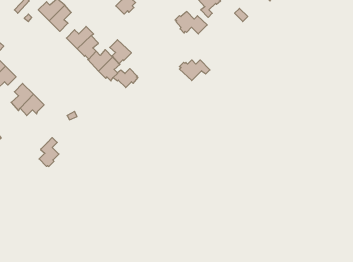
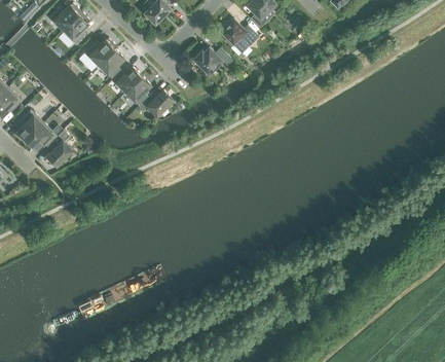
building: [110,40,131,64] -> none
building: [179,60,210,81] -> [194,47,232,73]
building: [39,138,59,166] -> [46,130,71,166]

